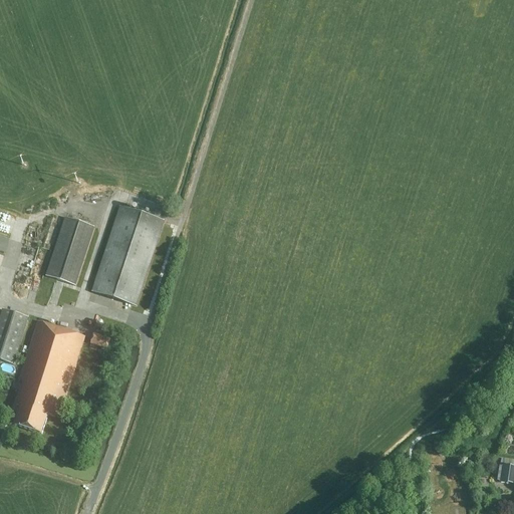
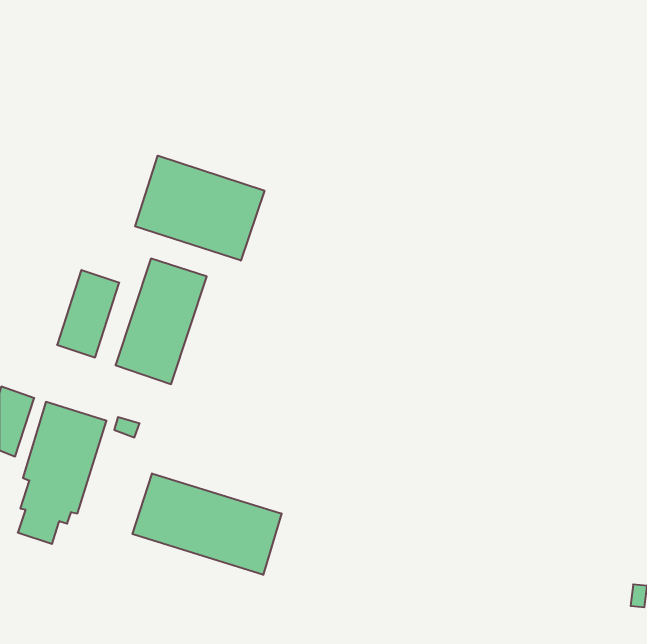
building: none -> [135,156,264,261]
building: none -> [132,473,282,575]

